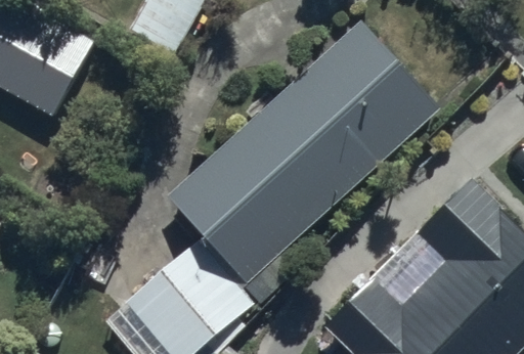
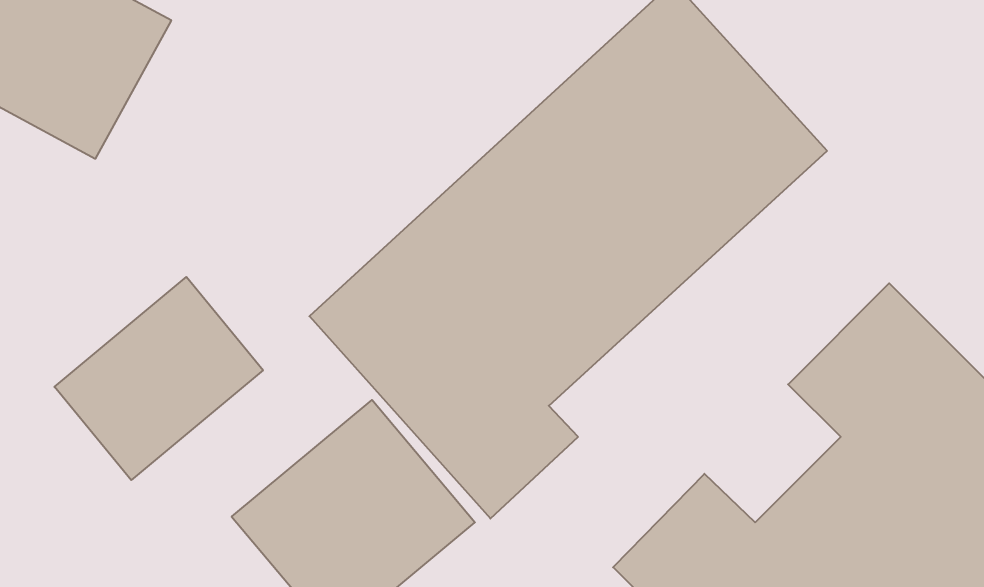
building: none -> [54,277,263,480]

